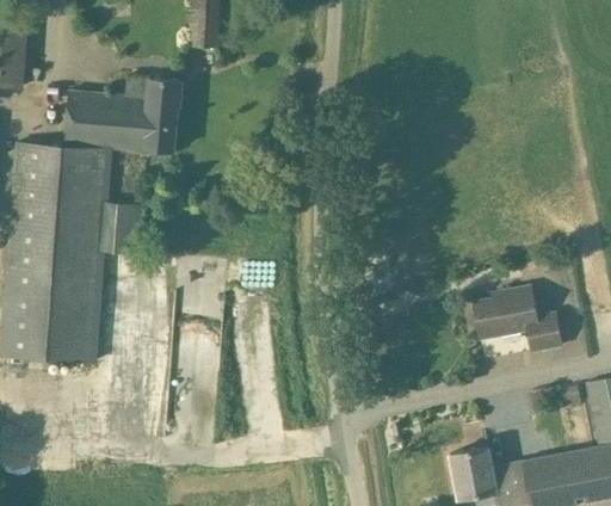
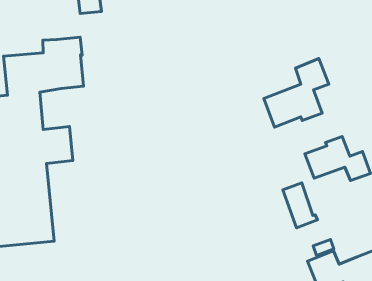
building: none -> [264,59,329,127]
building: none -> [283,183,317,228]

